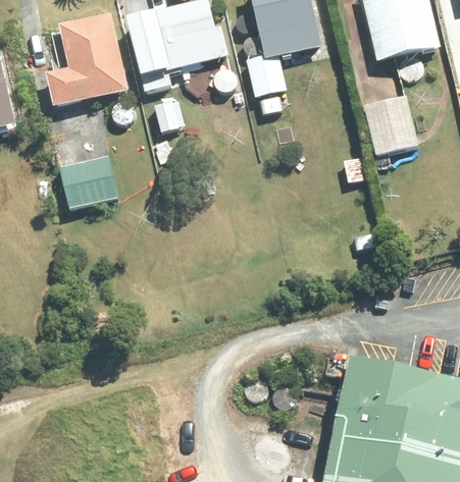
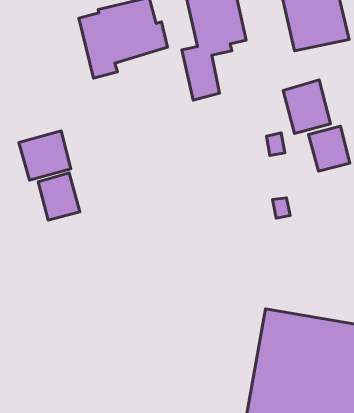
building: [45,11,129,108] -> none
building: none -> [308,126,350,171]
building: none -> [38,173,80,220]

